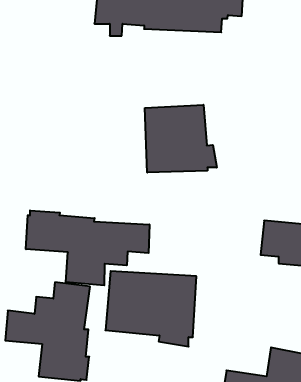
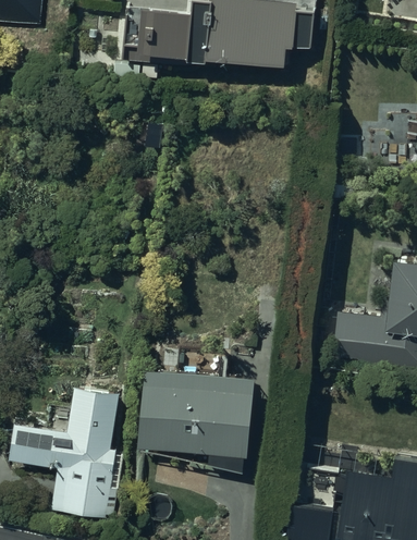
building: [145,105,217,173] -> none
building: [26,210,149,285] -> none

